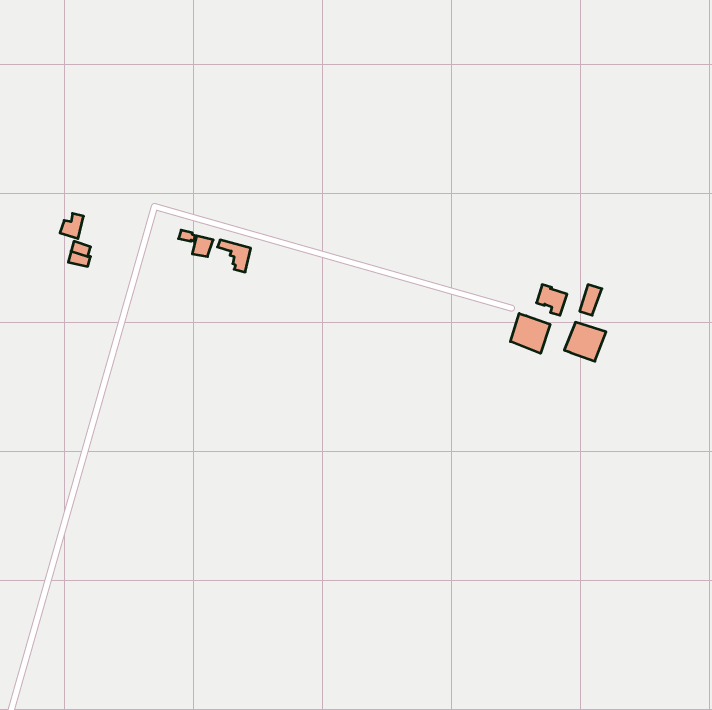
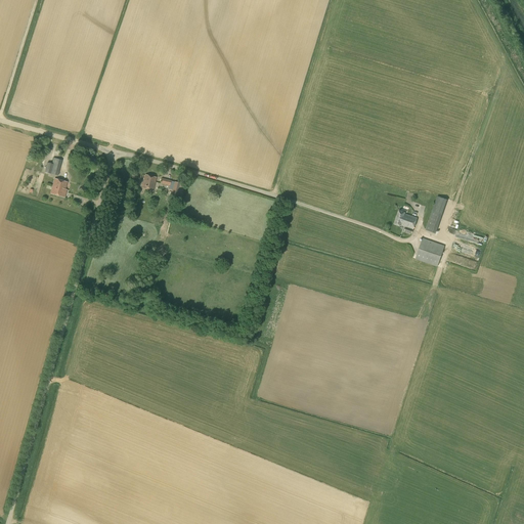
building: [510,313,550,353] -> none

